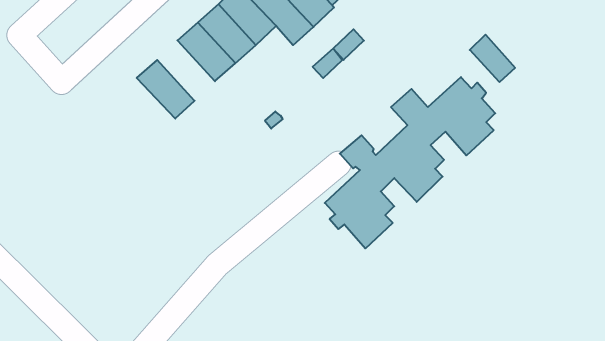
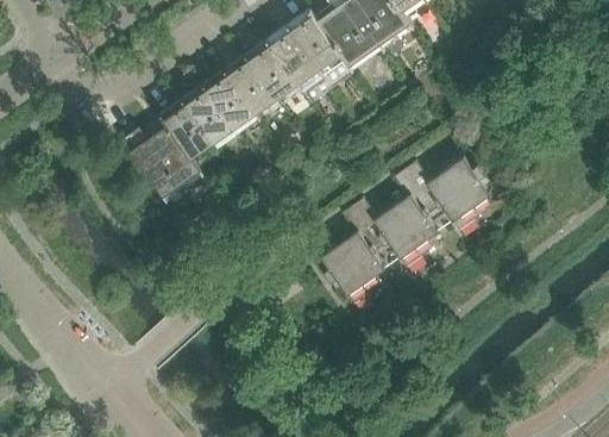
building: [470,35,515,82] -> none
building: none -> [182,85,233,143]
building: none -> [121,114,203,201]

